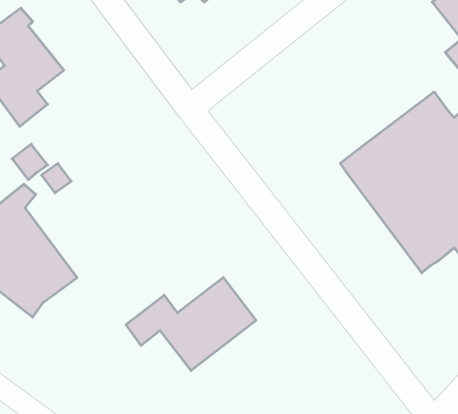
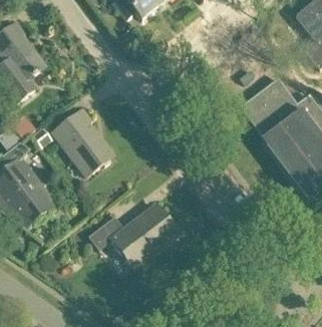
building: none -> [51,107,112,175]

